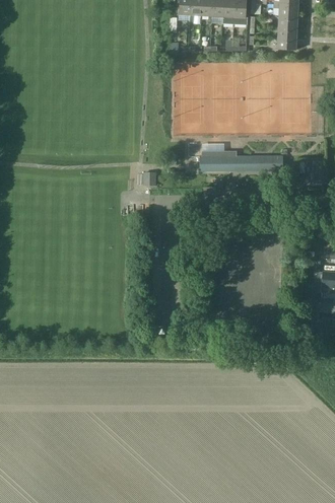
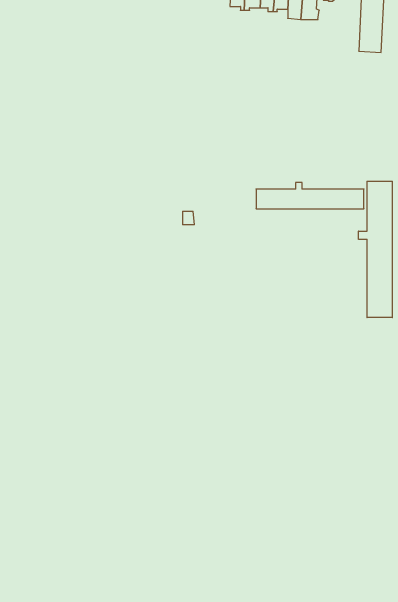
building: none -> [359,181,392,318]

